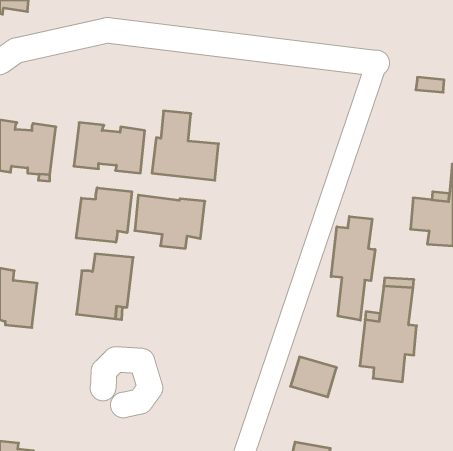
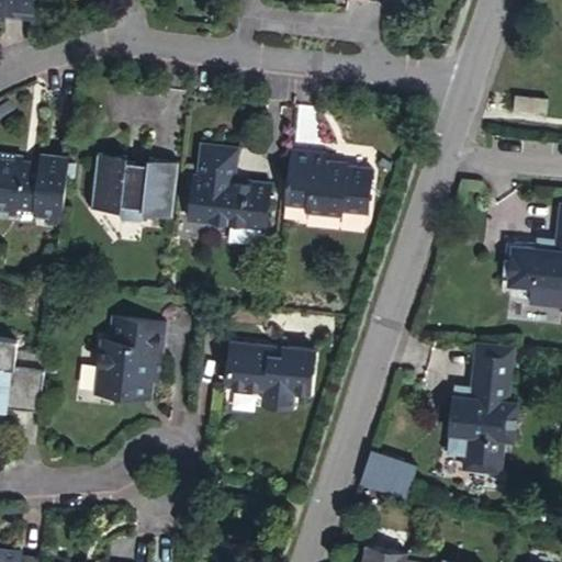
building: none -> [285,149,374,216]
building: [76,188,132,242] -> none
building: [135,195,205,248] -> [227,342,314,408]
building: [331,216,375,320] -> none

